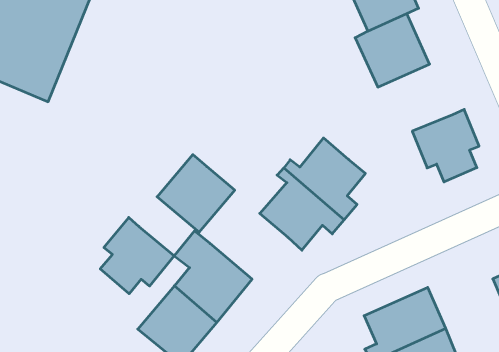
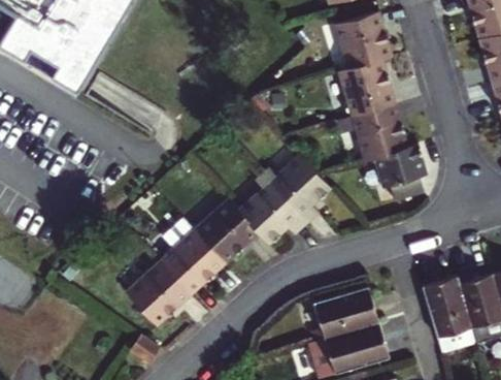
building: none -> [333,104,407,162]
building: [157,155,235,232] -> [193,198,258,263]
building: [100,217,174,294] -> none

